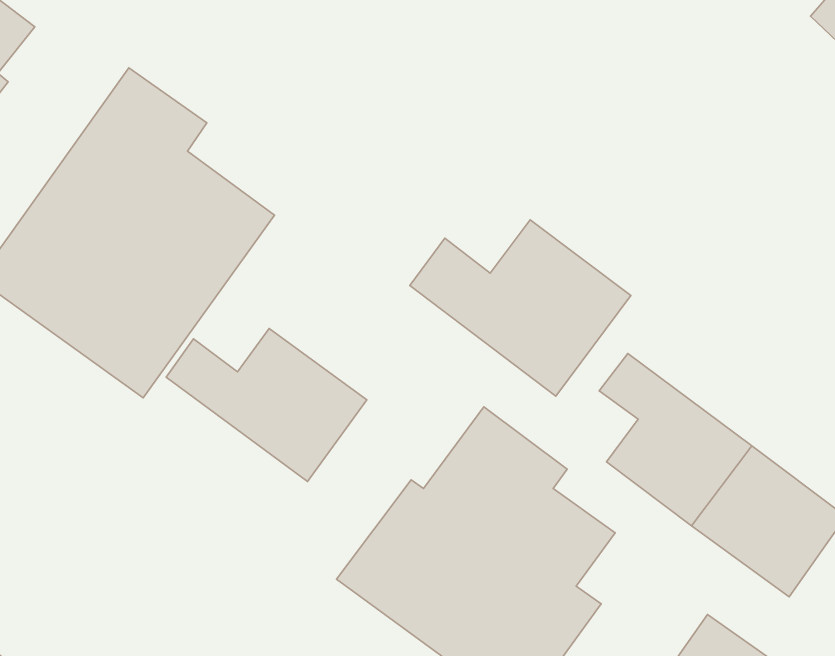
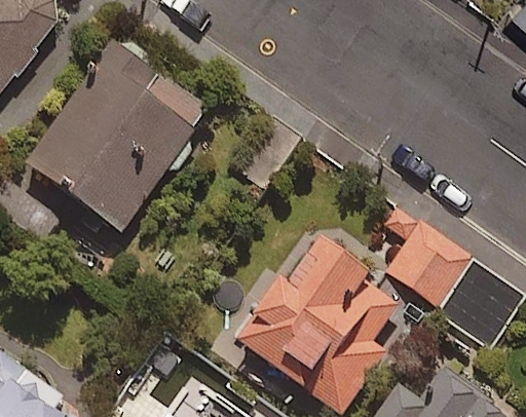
building: [410,220,631,396] -> none
building: [166,329,367,482] -> none

